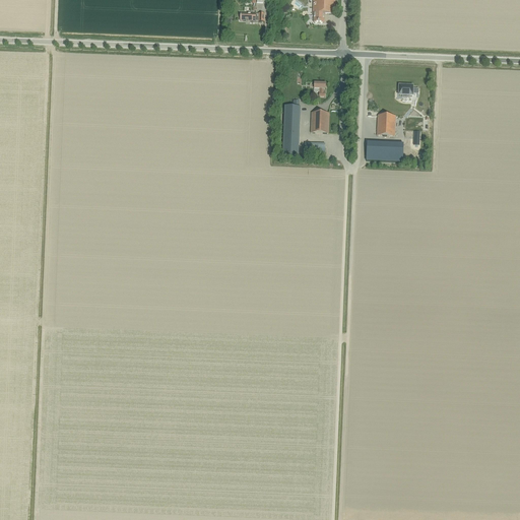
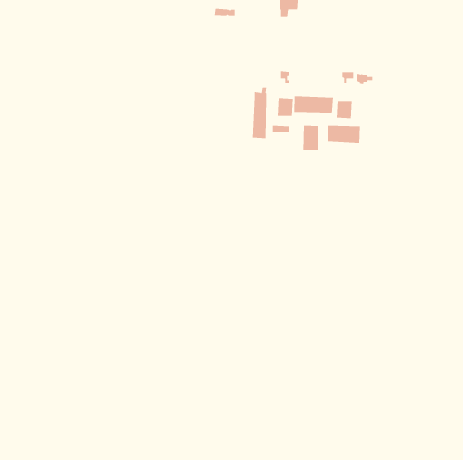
building: none -> [294,95,333,114]
building: none -> [303,125,319,151]

